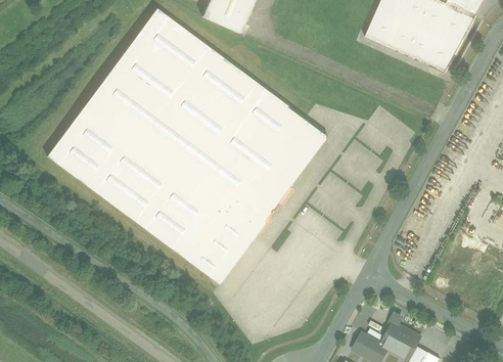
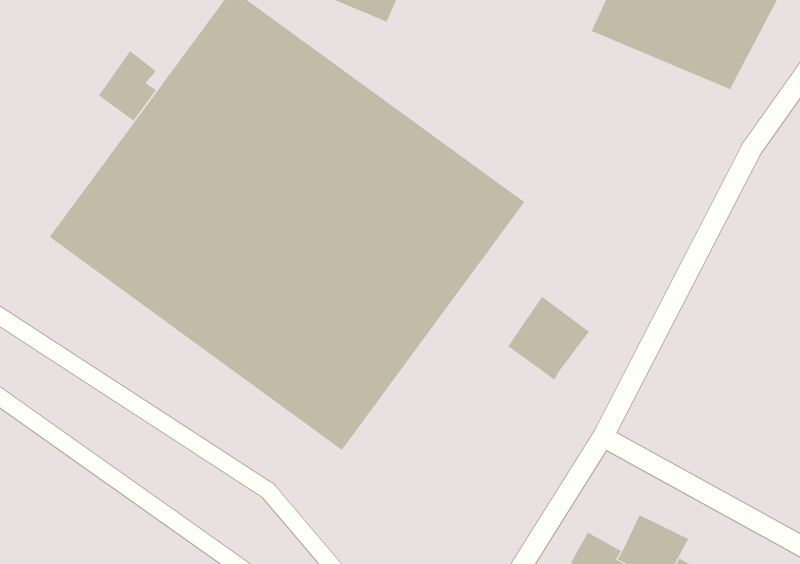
building: none -> [98,50,157,121]
building: none -> [507,296,590,380]

